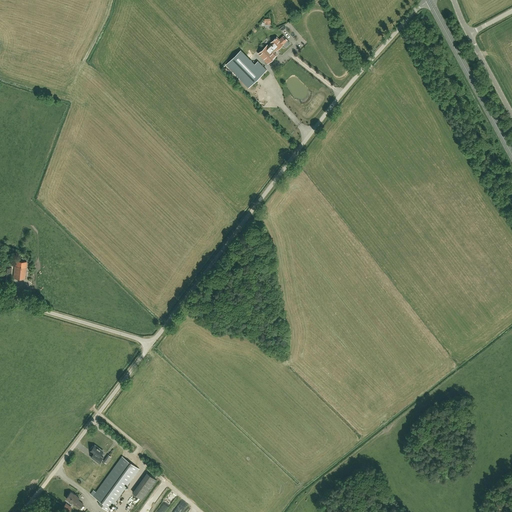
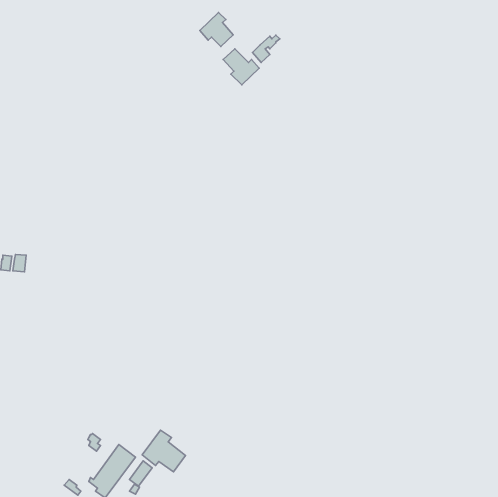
building: none -> [200,13,233,47]
building: none -> [142,430,185,472]

